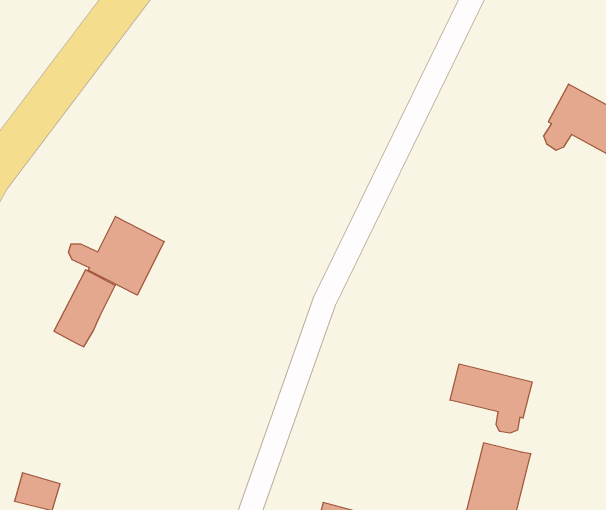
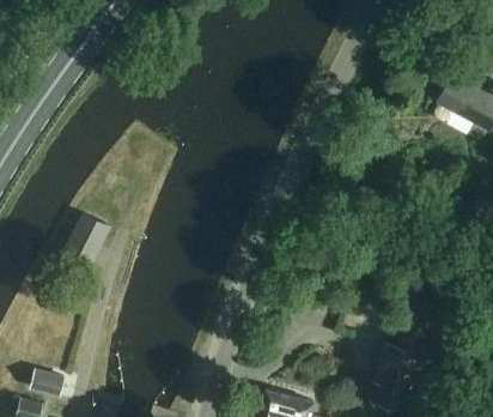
building: [68,216,164,295] -> none
building: [450,364,532,433] -> none

